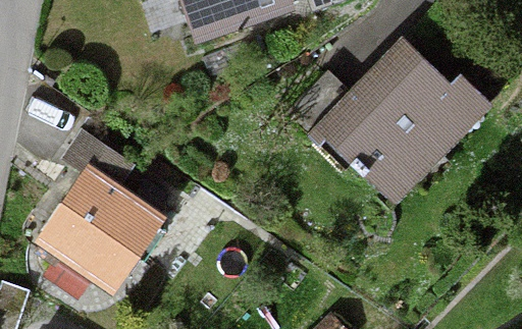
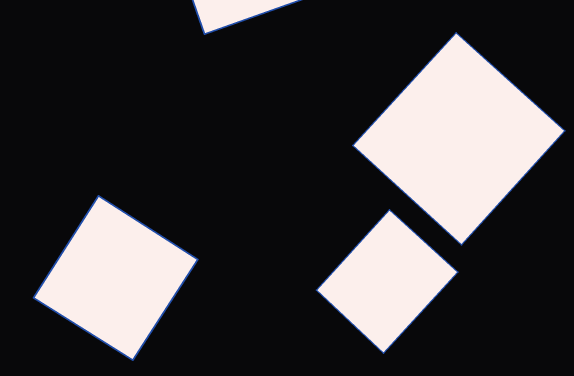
building: none -> [316,210,458,353]

